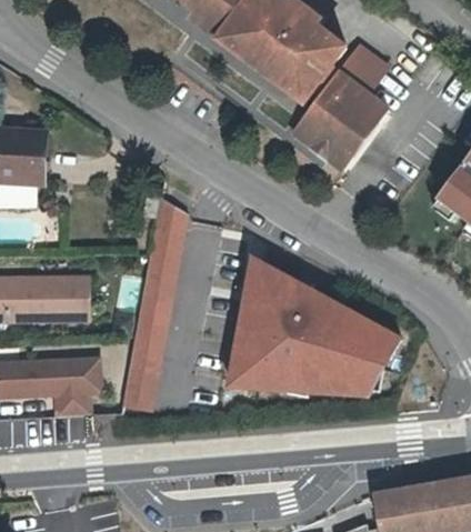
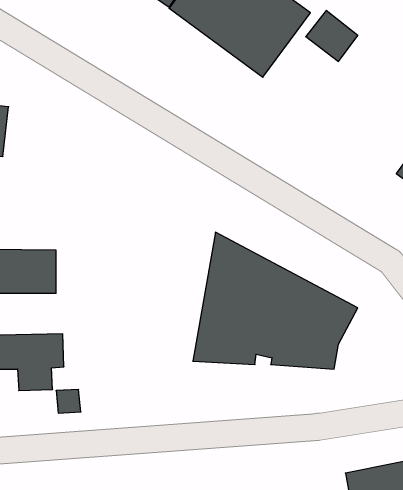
building: [291,68,391,171] -> none
building: [121,200,191,410] -> none

